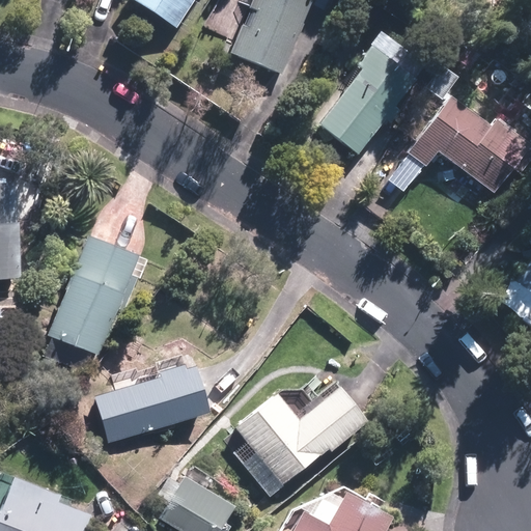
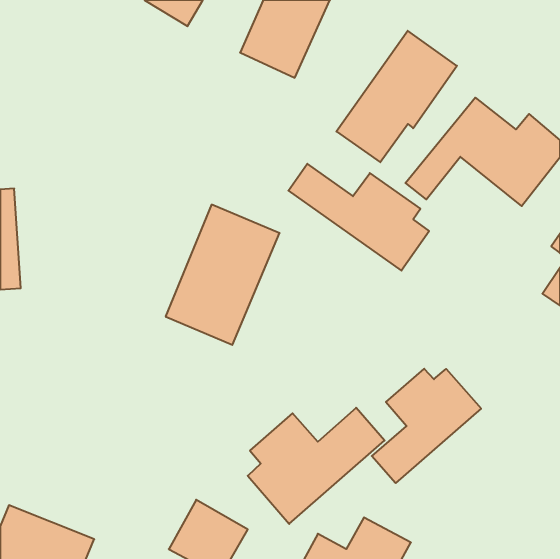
building: none -> [288,164,429,271]
building: [46,229,153,362] -> [166,205,280,345]
building: none -> [372,369,481,483]
building: [95,364,214,442] -> none

